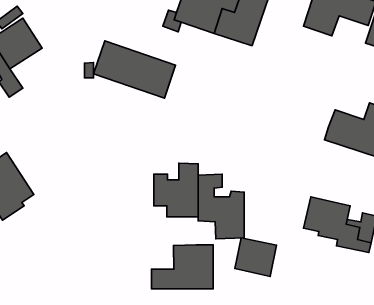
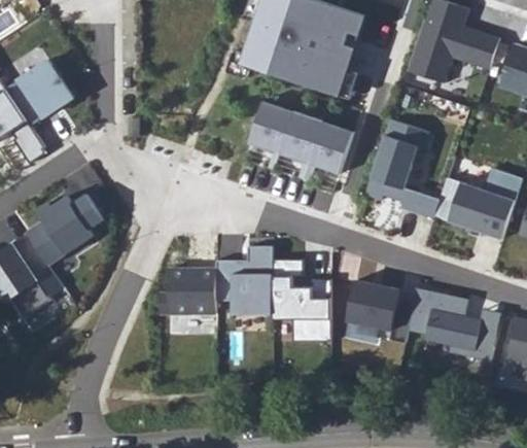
building: [94,41,176,98] -> [248,100,353,173]
building: none -> [364,118,438,217]
building: none -> [26,194,103,265]
building: none -> [168,267,215,317]
building: [235,238,277,277] -> [346,280,399,330]
building: [151,245,213,289] -> none

